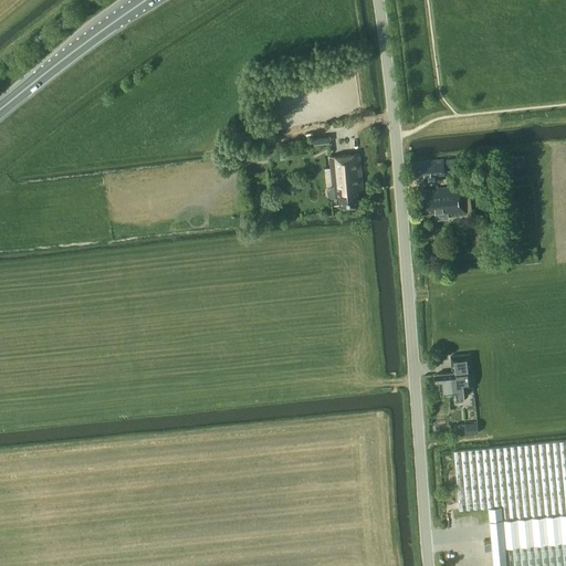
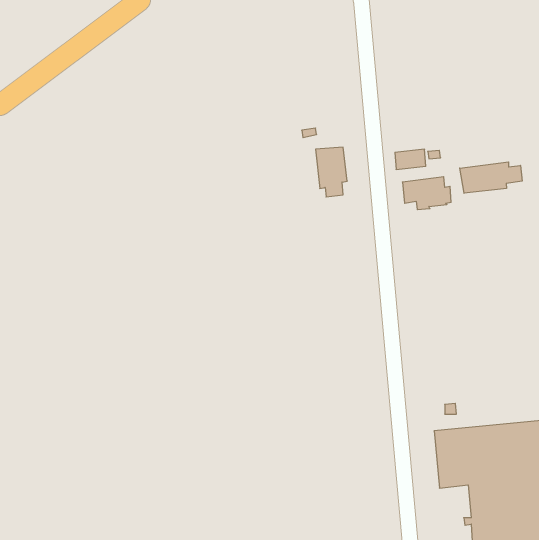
building: none -> [460,162,522,193]
building: [437,355,475,397] -> none

